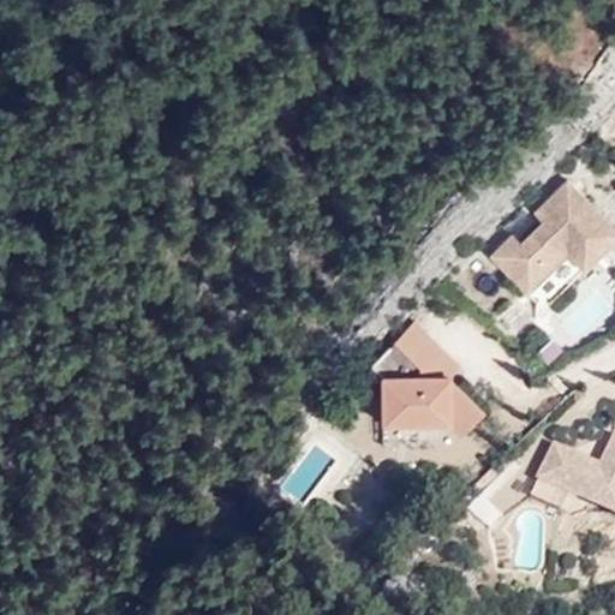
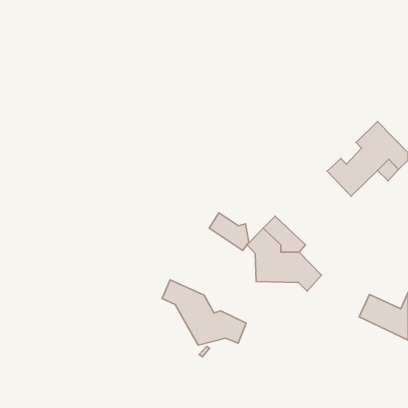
building: none -> [209,213,249,250]
building: none -> [162,280,246,345]

